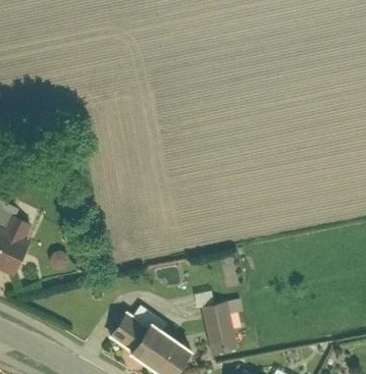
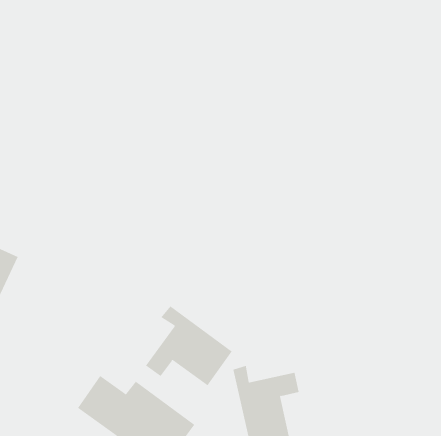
building: none -> [145,305,232,386]

